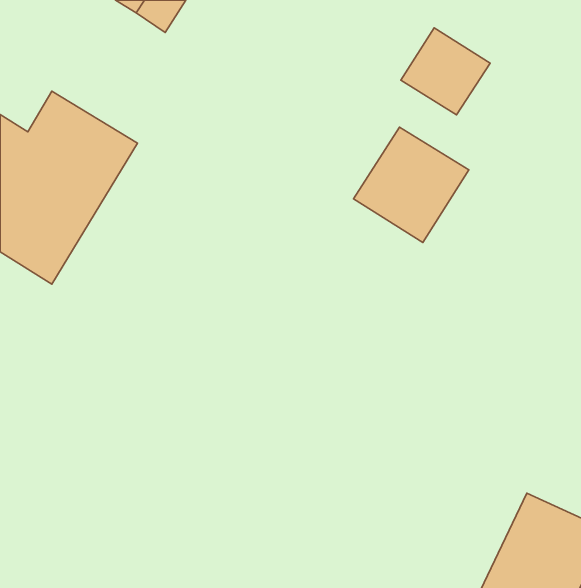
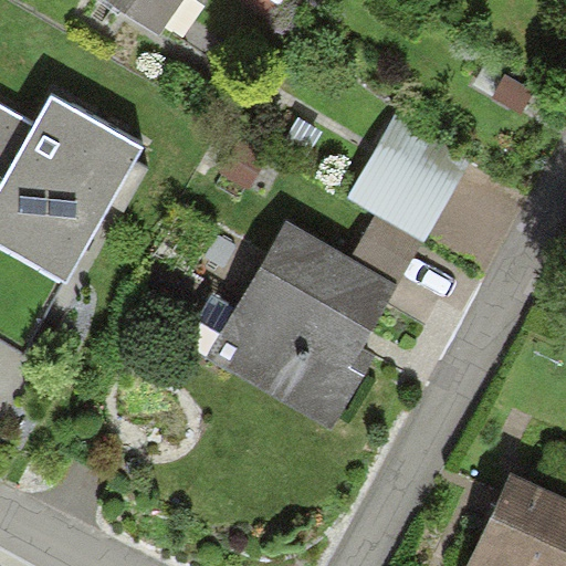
building: [401,28,490,115] -> none
building: none -> [216,233,390,421]

